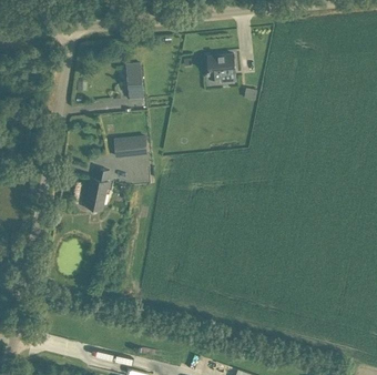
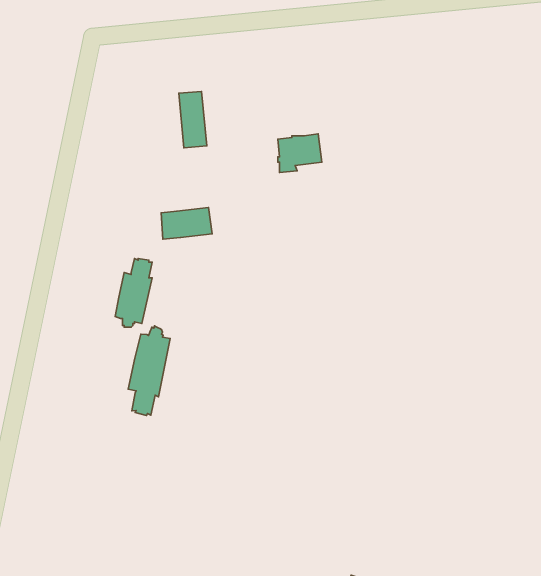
building: [207,53,235,78] -> [278,134,322,173]
building: none -> [128,326,170,415]

